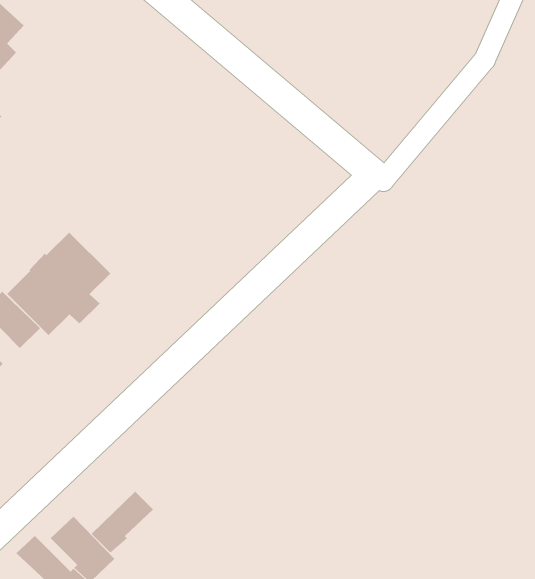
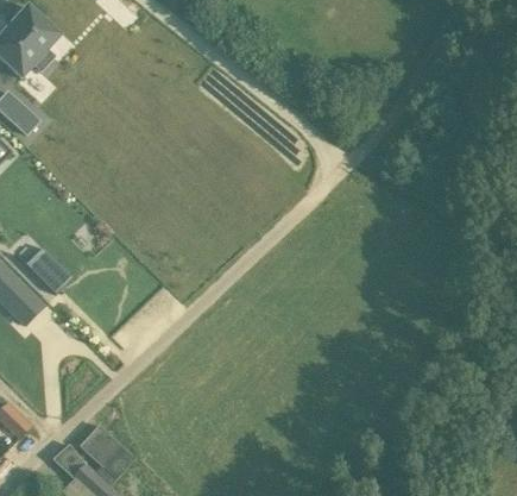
building: [7,232,111,336] -> none
building: [91,491,154,554] -> none

